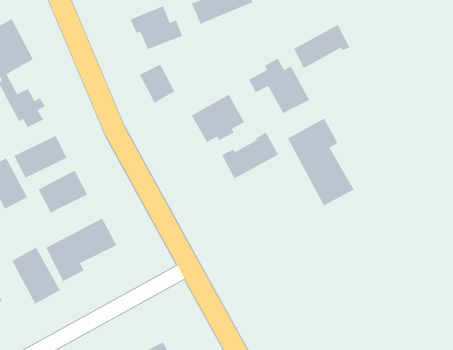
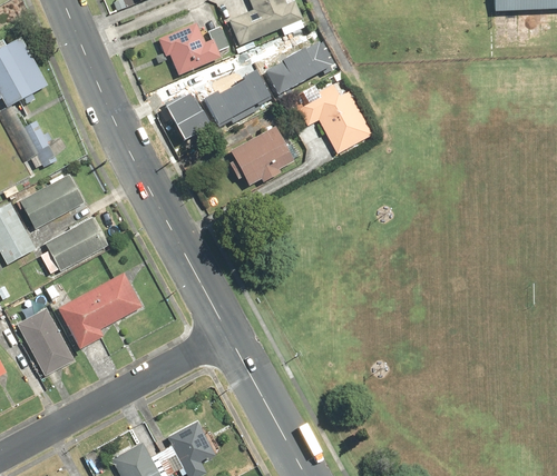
building: [293,24,350,69] -> [267,40,335,93]
building: [287,117,355,207] -> none
building: [221,131,279,179] -> [205,69,274,126]

